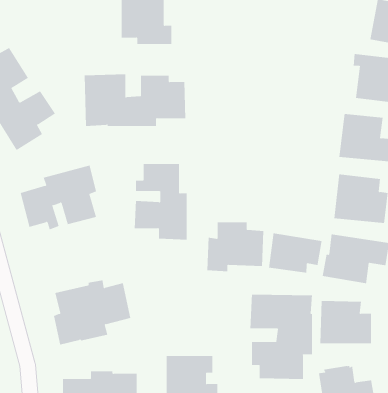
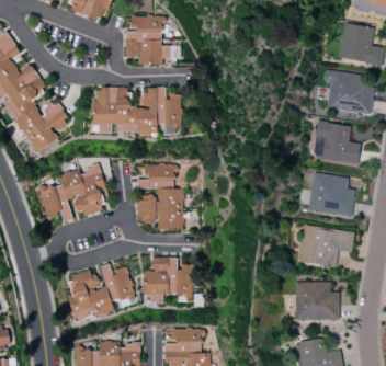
building: [206,222,264,272] -> [144,258,193,300]
building: [269,233,322,273] -> none
building: [250,294,313,380] -> none

